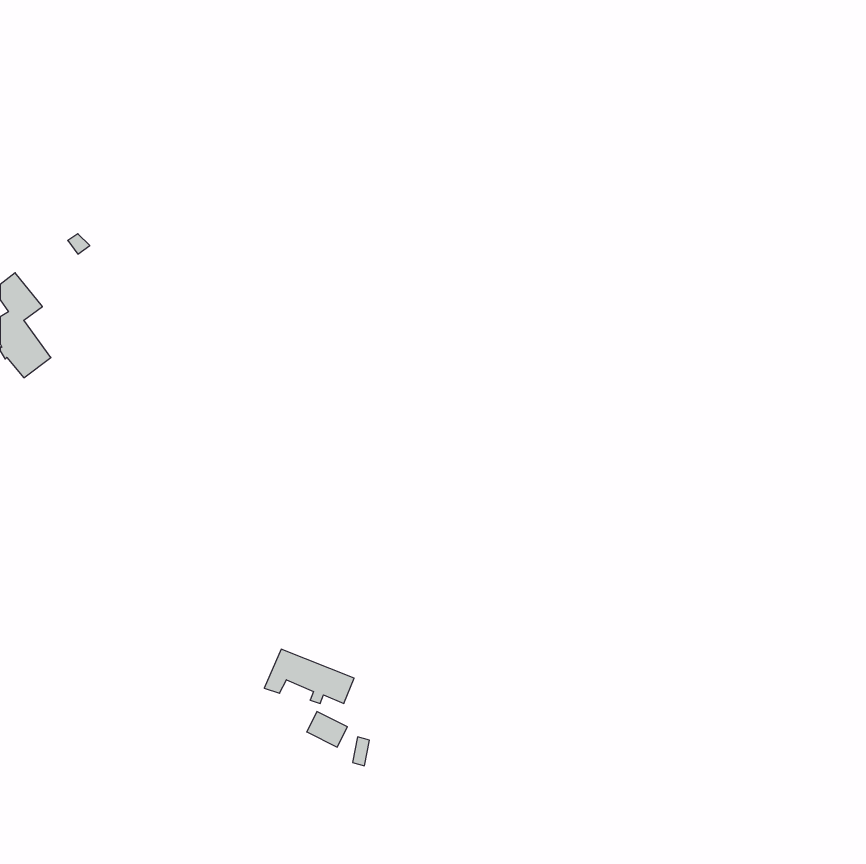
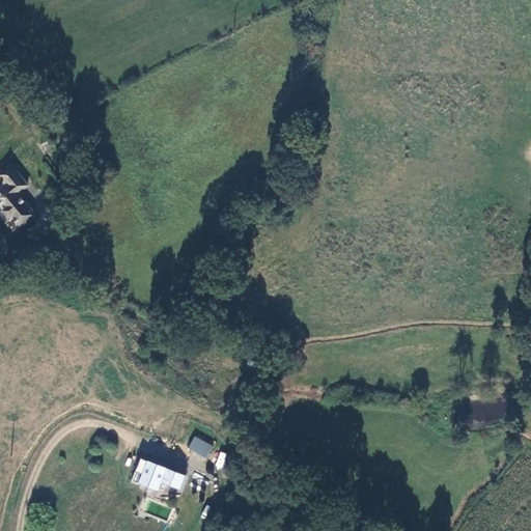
building: [264,649,354,703] -> [131,457,186,491]

